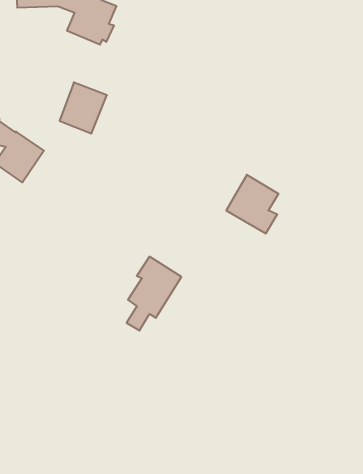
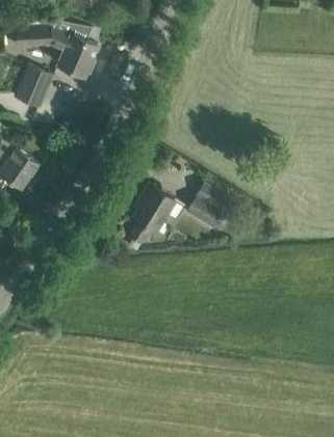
building: [60,82,107,133] -> [14,65,52,107]
building: [127,257,181,331] -> [130,184,175,244]

